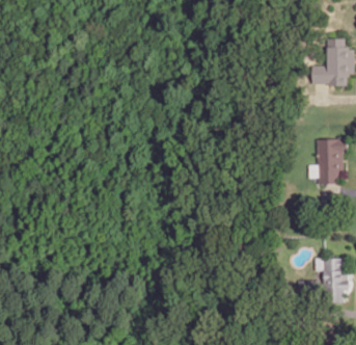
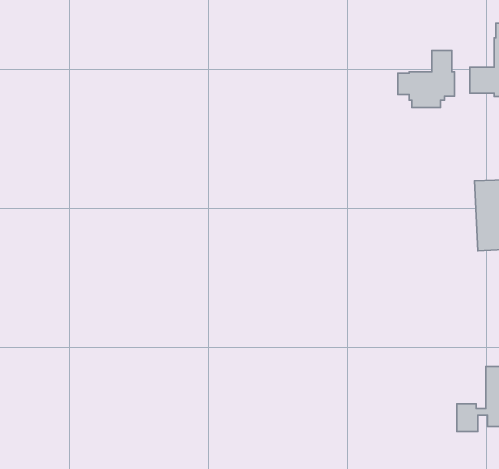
building: none -> [398,50,454,107]

